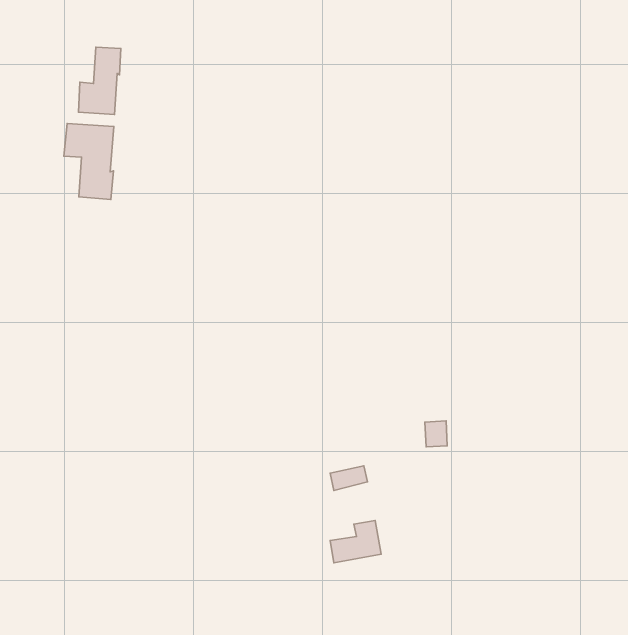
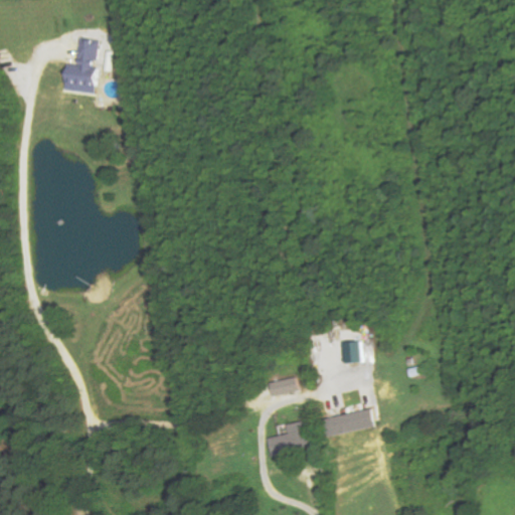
building: [64,123,114,200] -> none
building: none -> [324,407,373,437]

